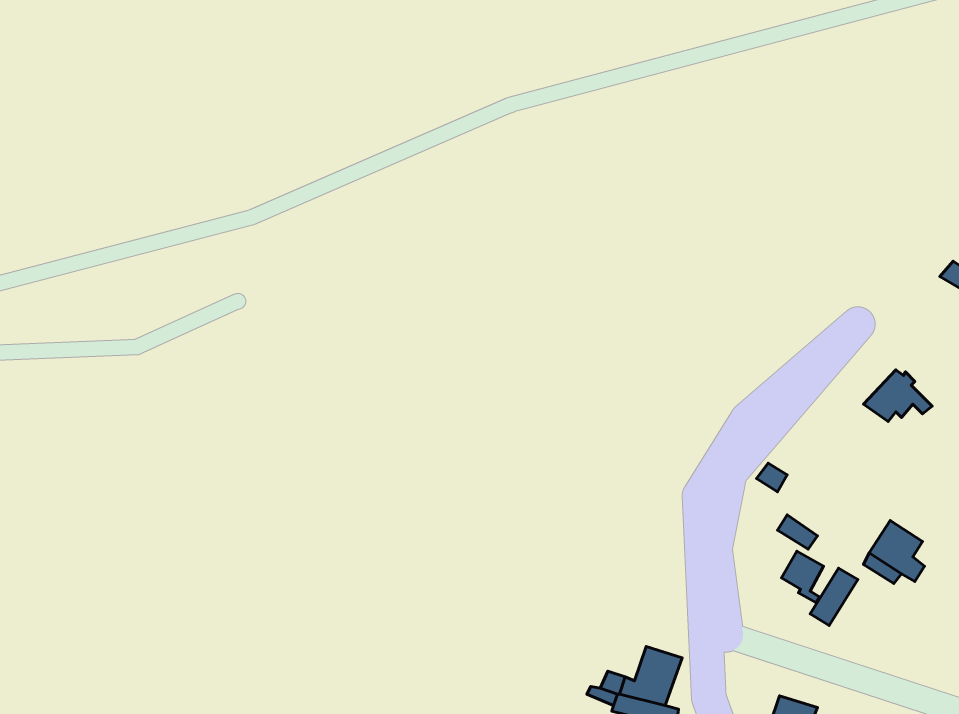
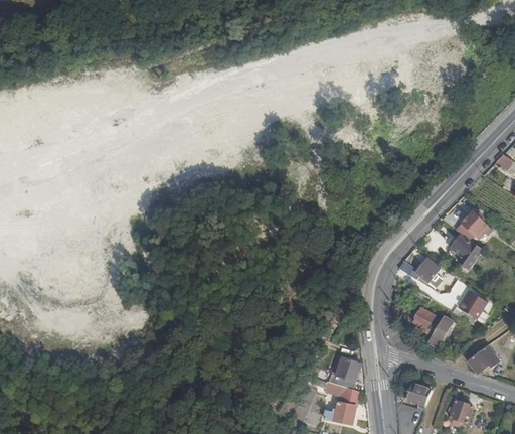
building: none -> [451,235,483,268]
building: none -> [415,258,444,289]
building: none -> [469,345,499,373]

